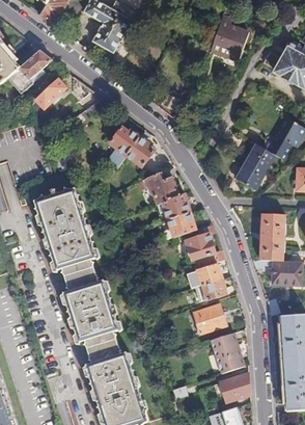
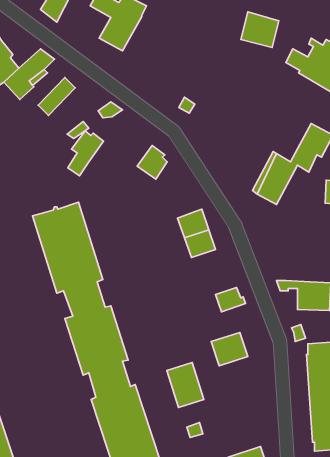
building: [108,127,140,167] -> [68,131,104,176]
building: [137,171,179,204] -> none
building: [260,213,284,259] -> none
building: [184,224,225,268] -> none
building: [195,278,227,302] -> none
building: [212,333,245,373] -> [167,362,204,407]
building: [219,373,250,402] -> none

